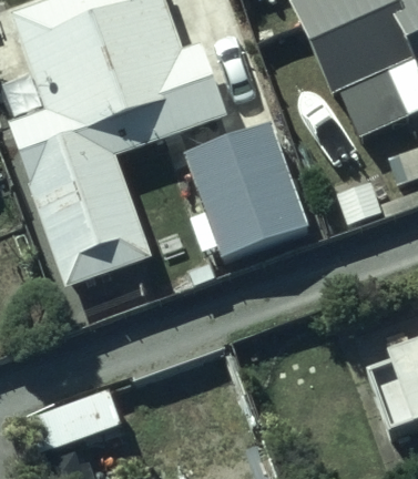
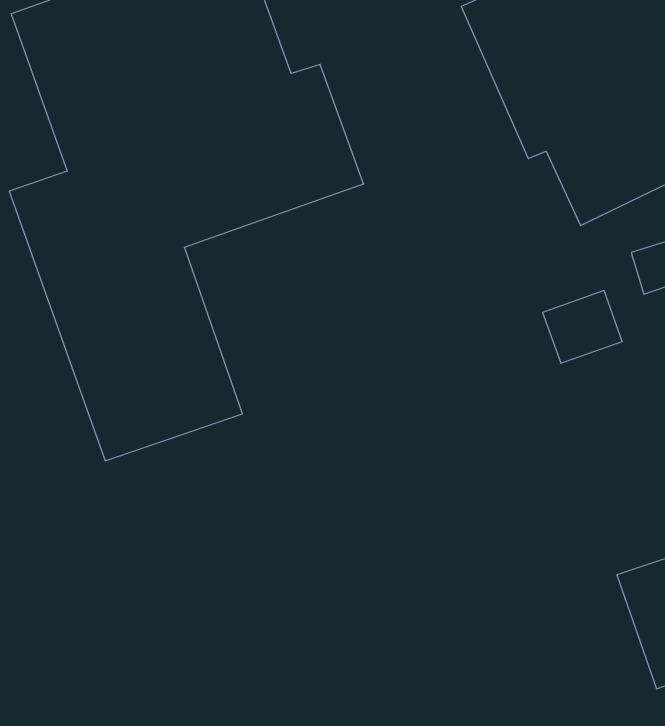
building: [188,120,309,255] -> none

